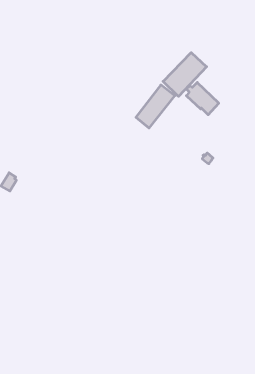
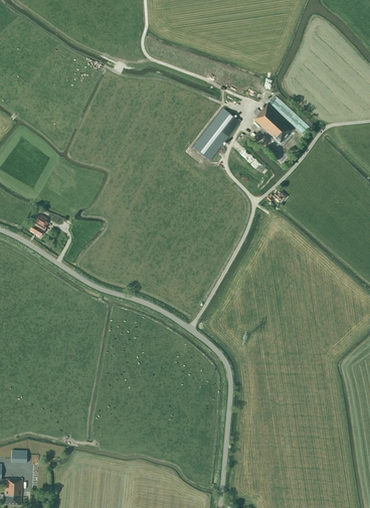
building: [163,53,207,96] -> none

